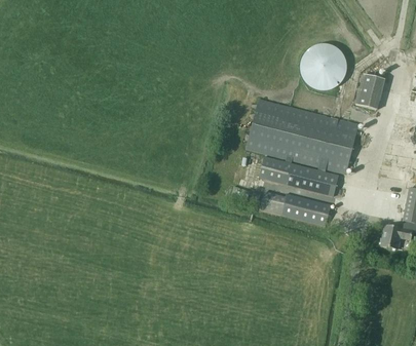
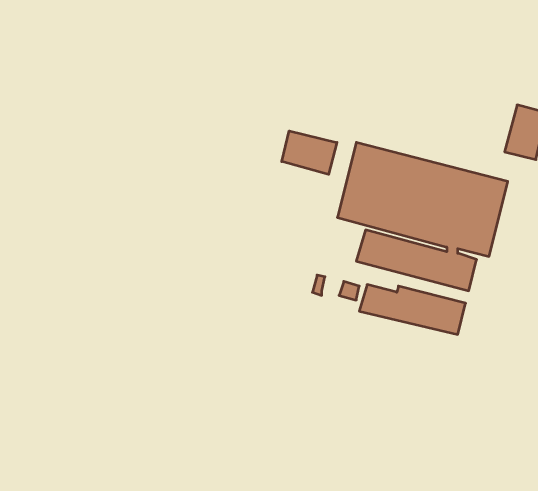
building: [307,43,349,88] -> none
building: none -> [282,131,337,174]

